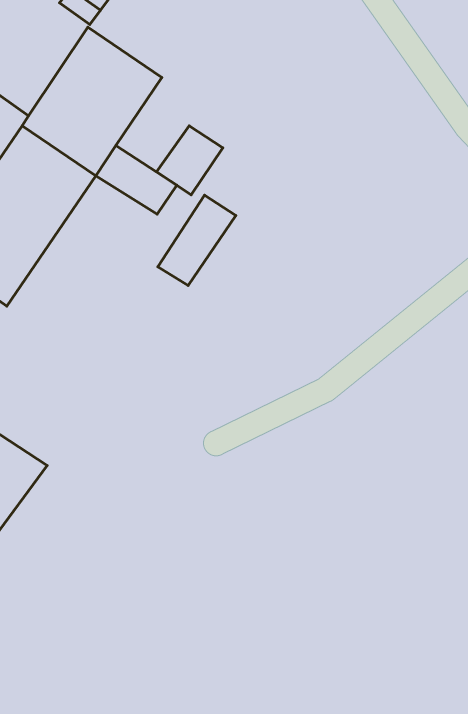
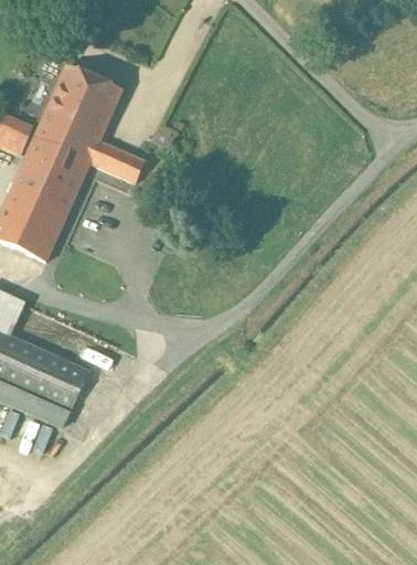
building: [157,126,223,195] -> none
building: [158,195,236,286] -> none

